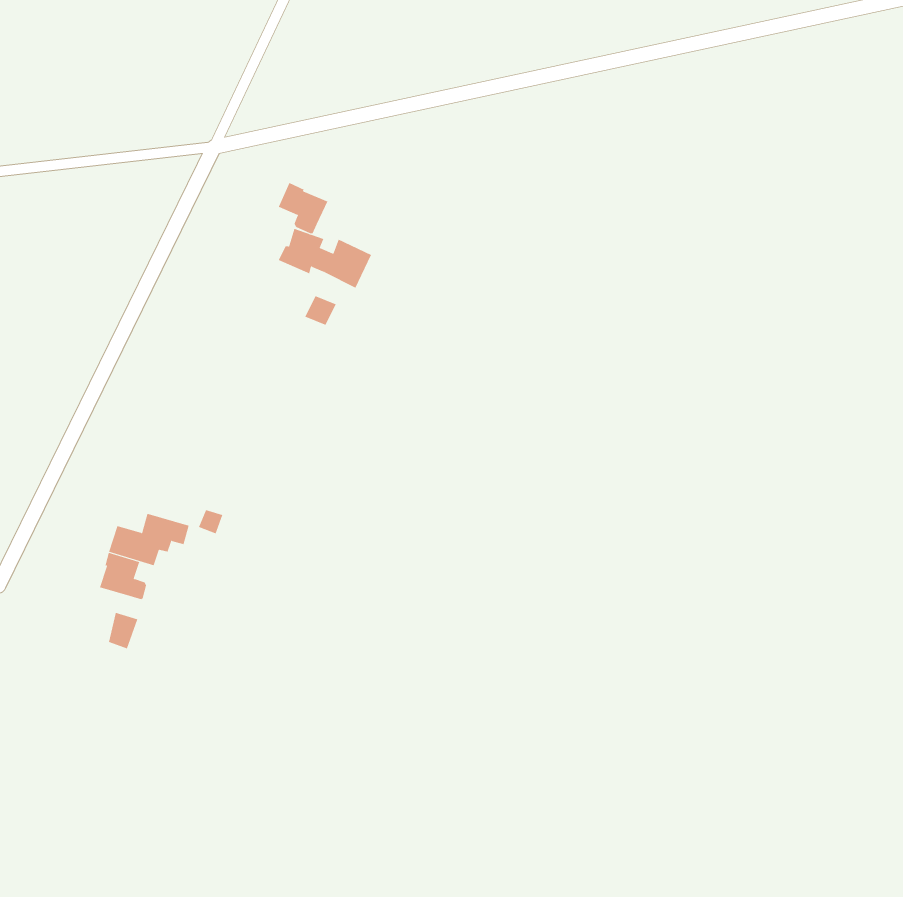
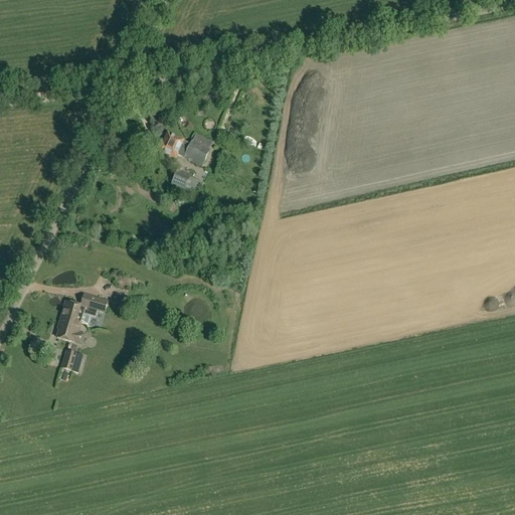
building: [273,182,328,234] -> none

